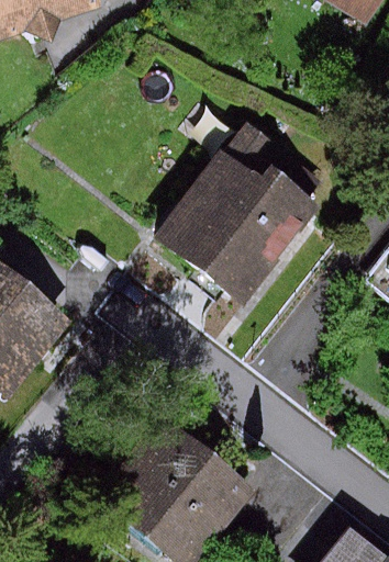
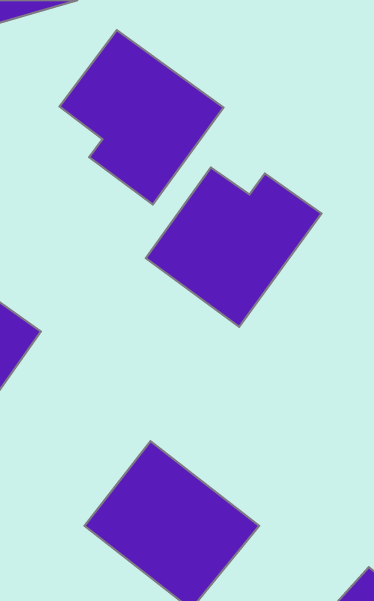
building: none -> [59,30,223,204]

